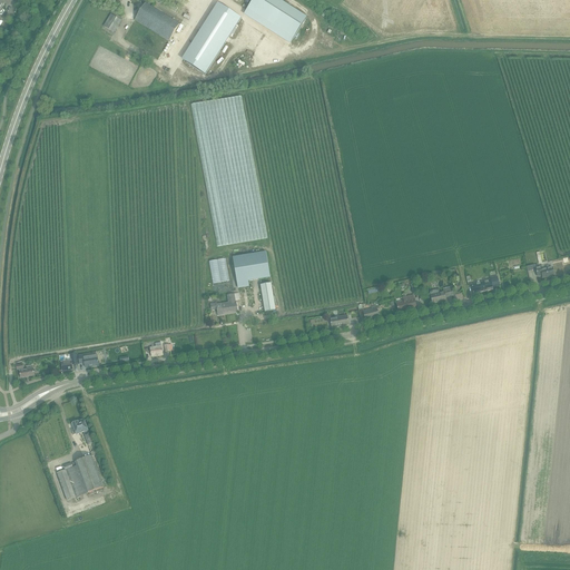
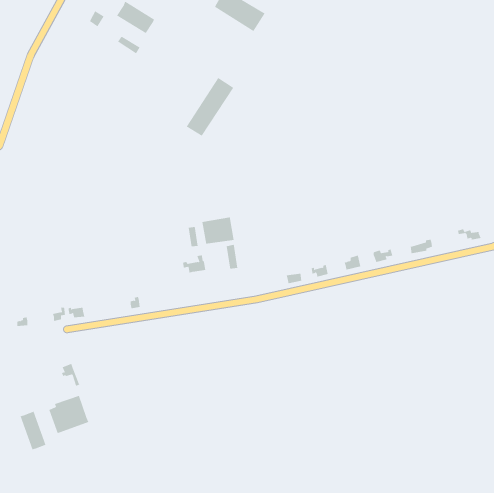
building: [185,4,240,72] -> [186,77,234,136]
building: none -> [20,411,46,450]

